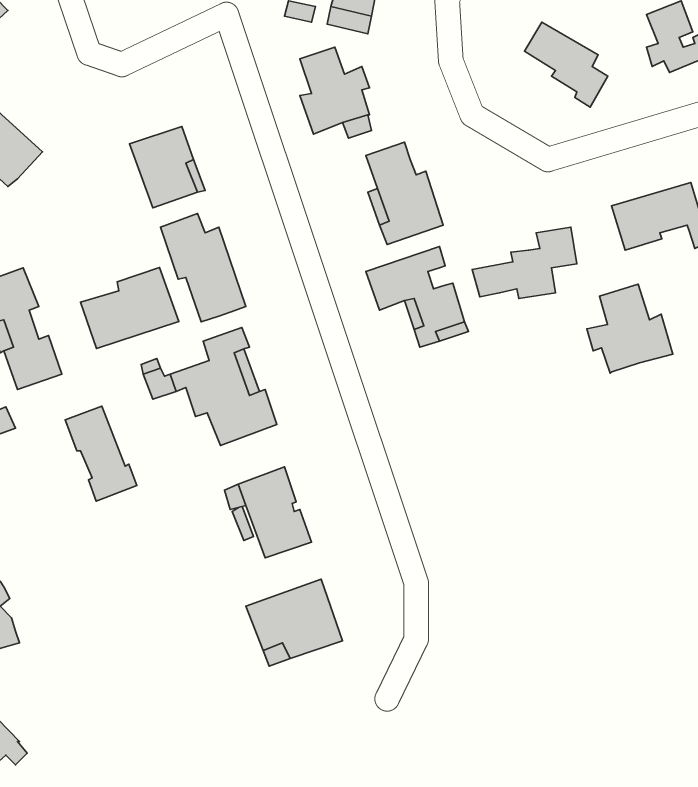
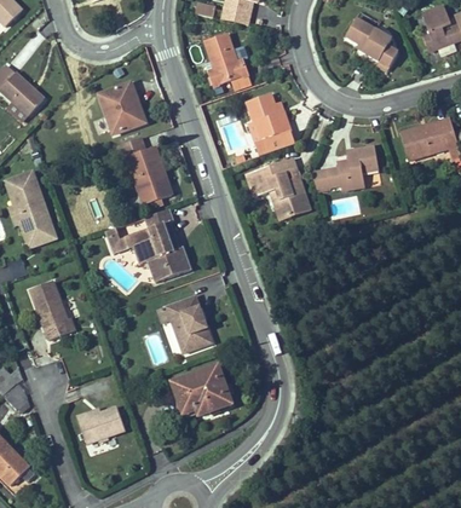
building: [81,268,179,349] -> none
building: [587,284,673,373] -> none
building: [65,406,137,501] -> [29,281,74,340]
building: none -> [75,405,125,443]

